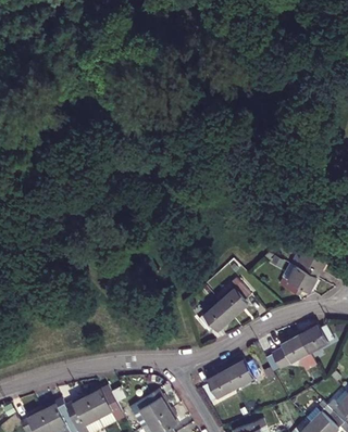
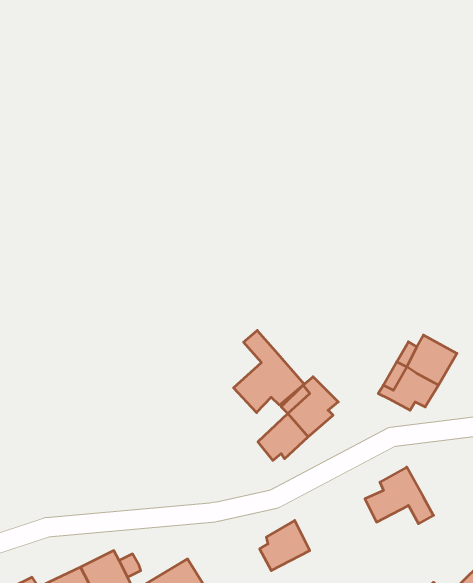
building: none -> [234,330,304,413]
building: [298,323,333,353] -> none
building: [225,359,261,387] -> none

